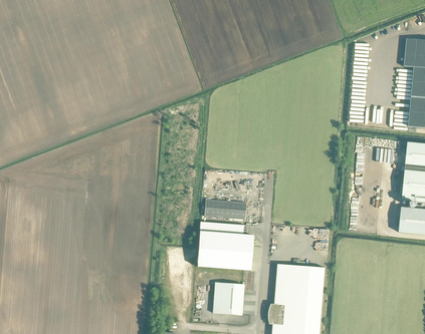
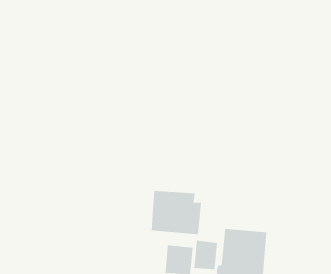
building: [204,200,246,220] -> none
building: none -> [194,240,217,270]

